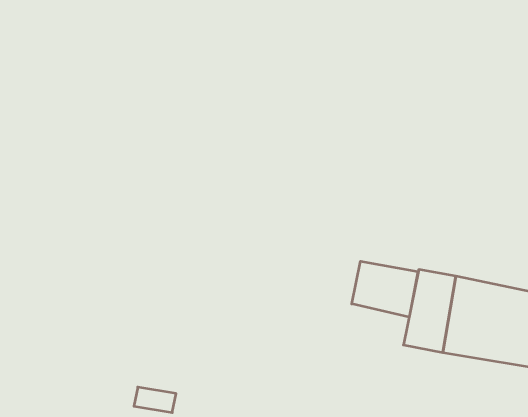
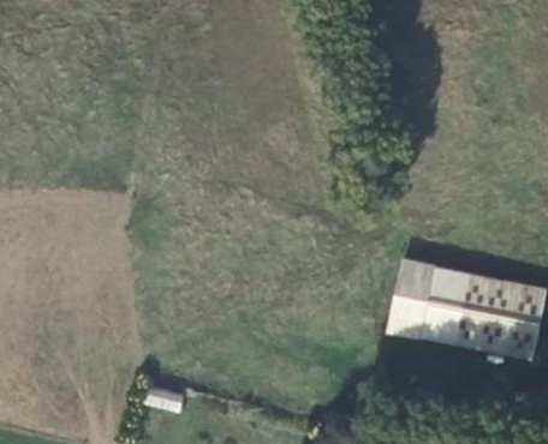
building: [352,261,418,317] -> none

